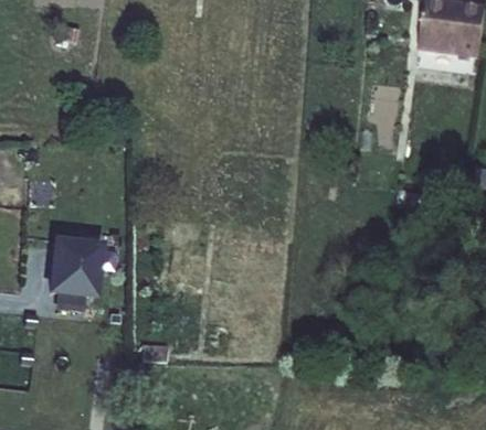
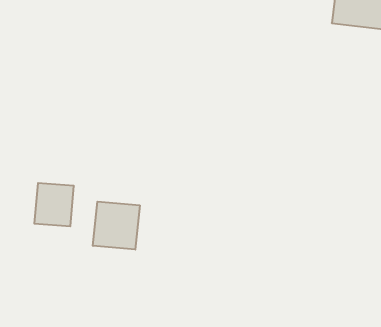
building: none -> [93,202,140,250]

